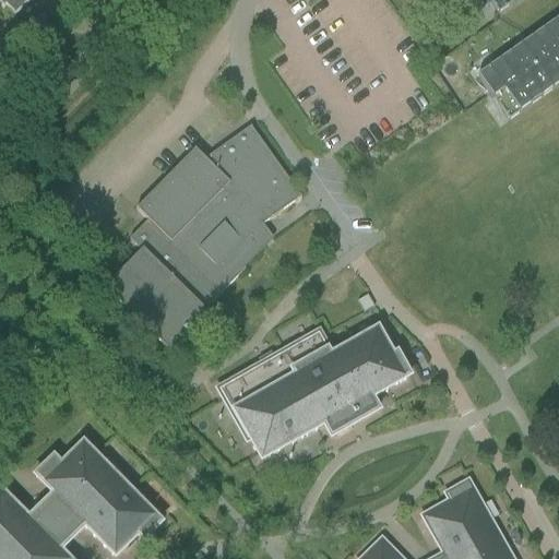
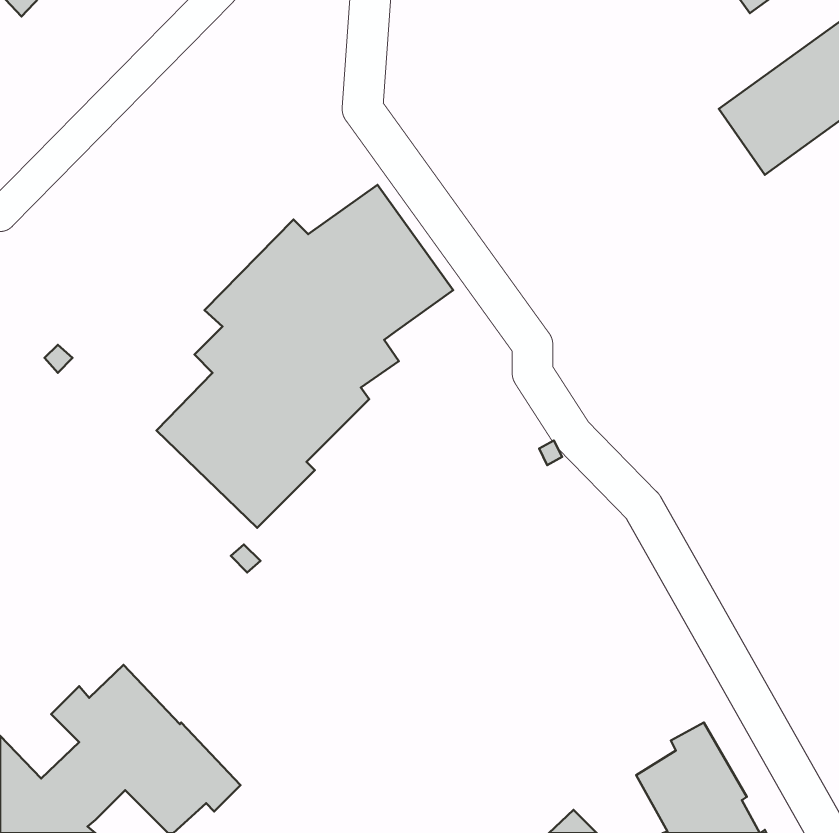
building: [218,325,411,456] -> none

